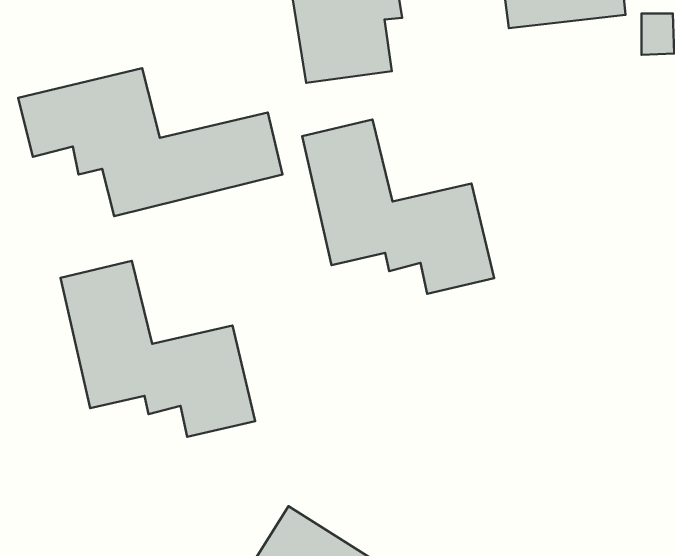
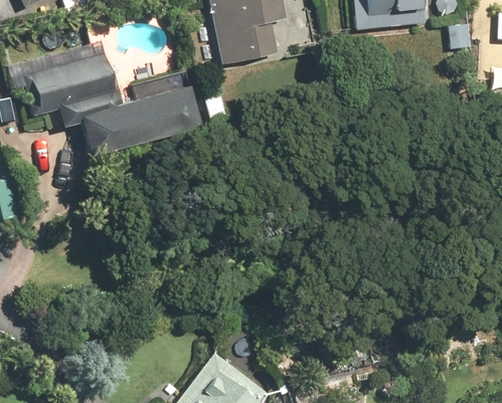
building: [302,119,494,294] -> none
building: [61,261,255,437] -> none

